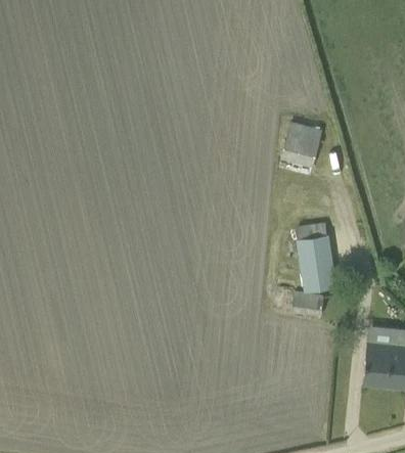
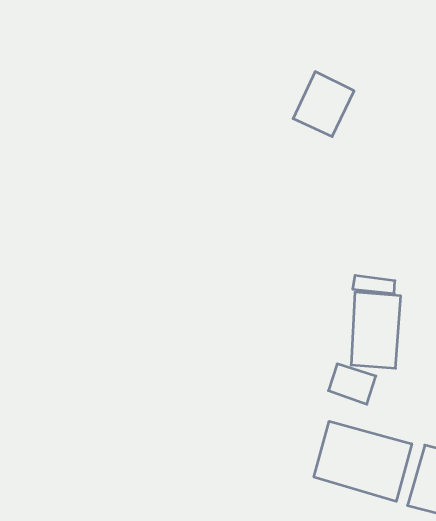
building: [281,121,322,166] -> [293,72,354,137]
building: none -> [314,421,412,501]

